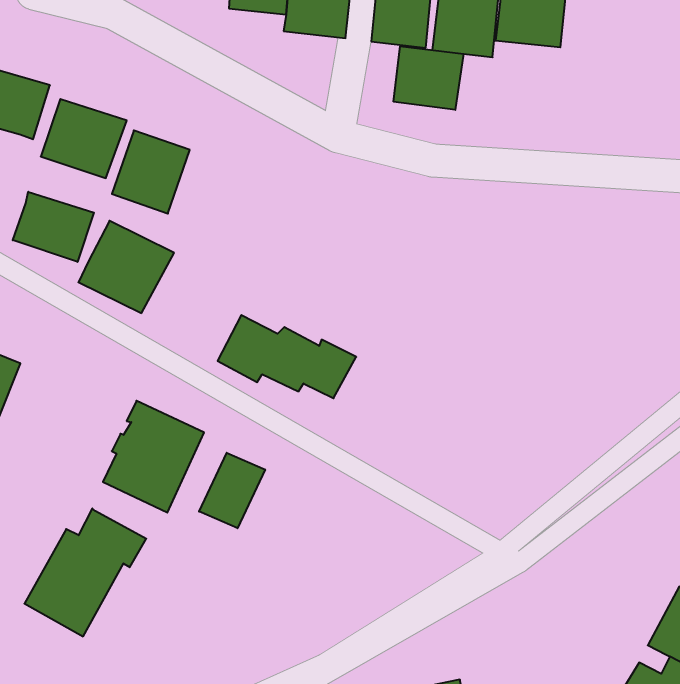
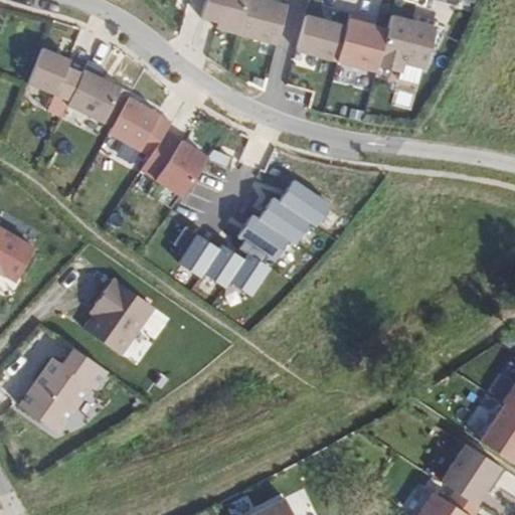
building: [394,46,464,110] -> none
building: [13,192,94,262] -> none
building: [78,221,174,313] -> [139,130,205,194]
building: none -> [232,176,326,255]
building: [199,453,265,528] -> none

